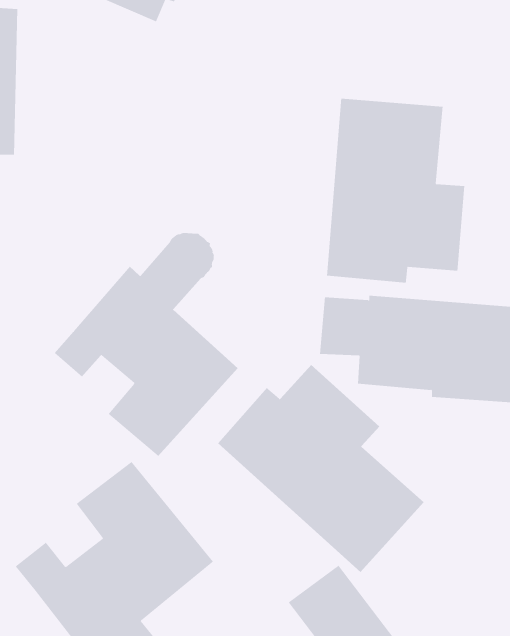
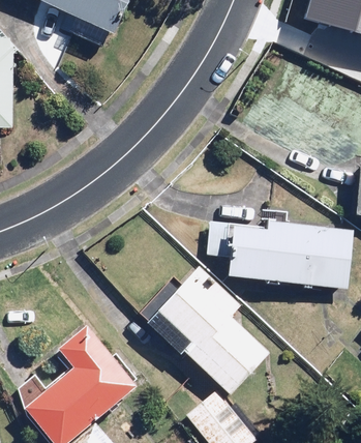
building: [326,98,465,284] -> none
building: [54,232,239,457] -> none

